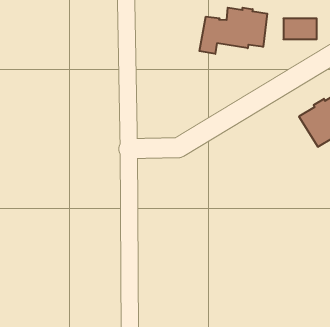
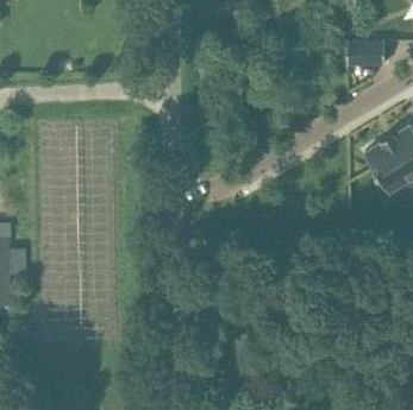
building: [199,8,267,54] -> none

